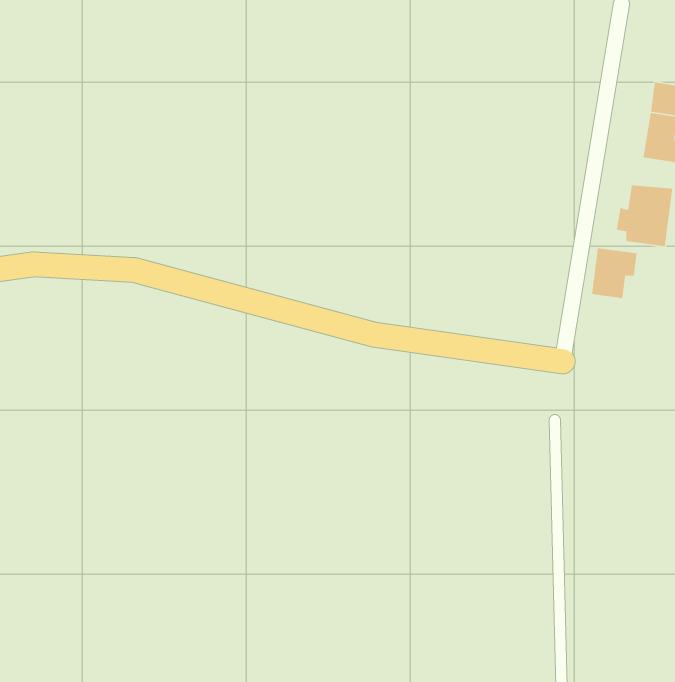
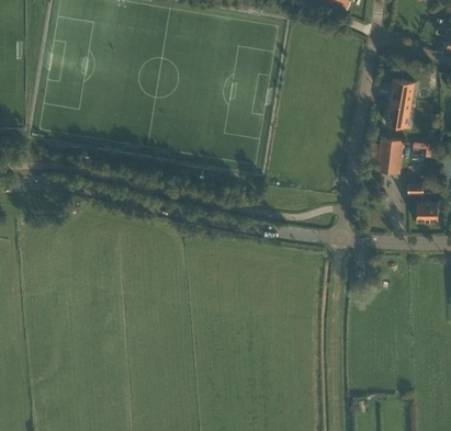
building: [591,247,637,300] -> none

